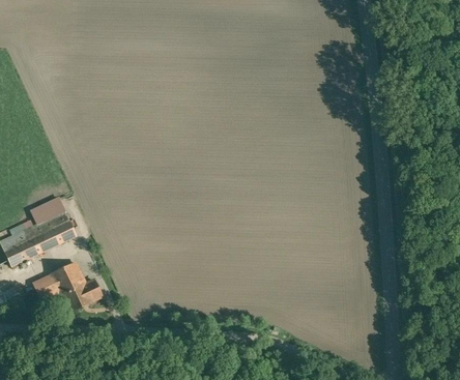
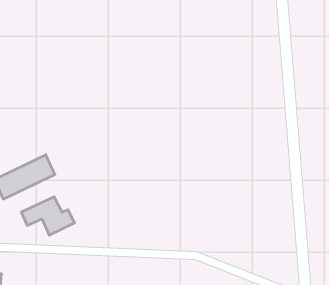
building: [29,196,64,224] -> none

